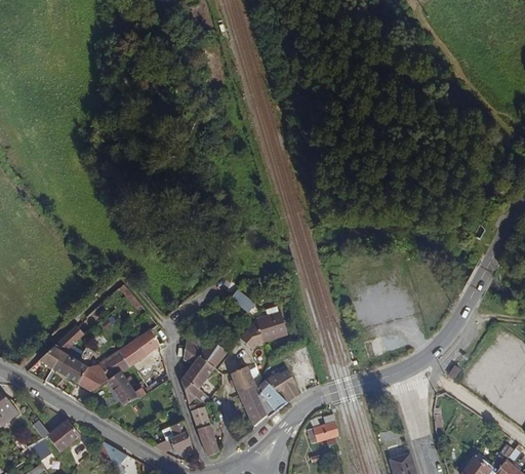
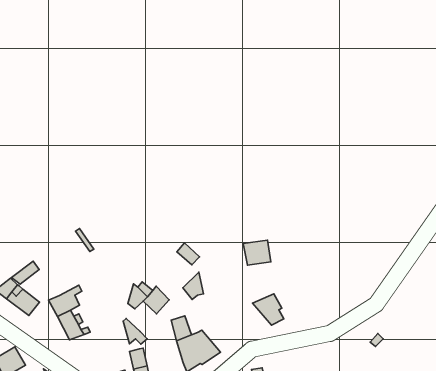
building: [255,313,287,342] -> [243,240,271,265]
building: [125,330,160,367] -> none
building: [183,356,214,389] -> none
building: [78,365,109,392] -> none
building: [265,368,299,402] -> [253,294,284,325]

